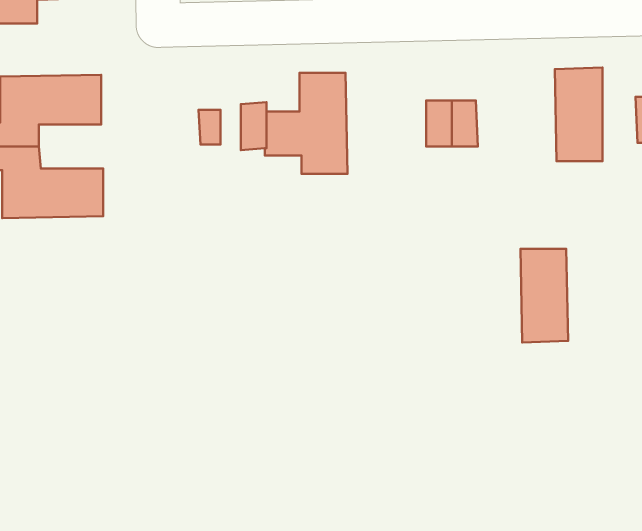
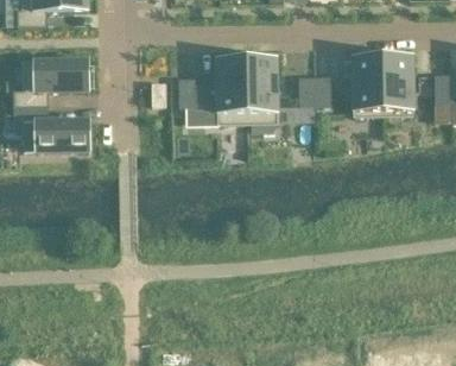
building: none -> [246,57,277,124]
building: [520,249,568,343] -> [352,56,382,116]

